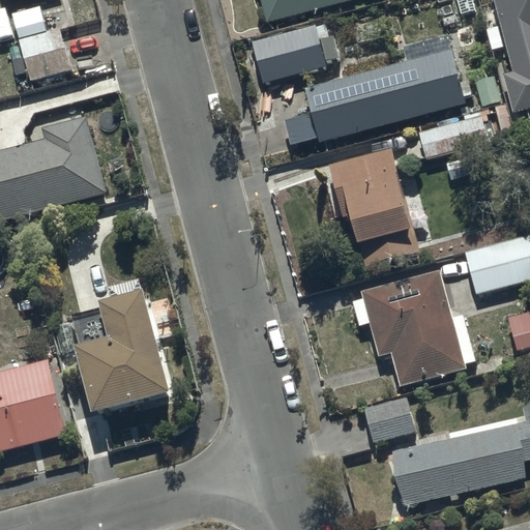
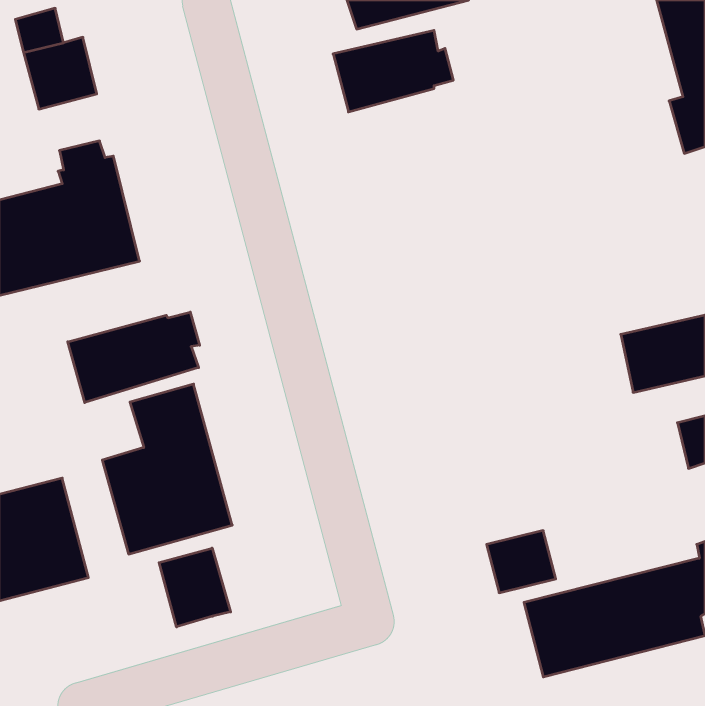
building: [285,33,467,146] -> none
building: [327,147,421,270] -> none
building: none -> [68,312,200,403]
building: [349,270,476,384] -> none
building: none -> [159,548,231,627]

